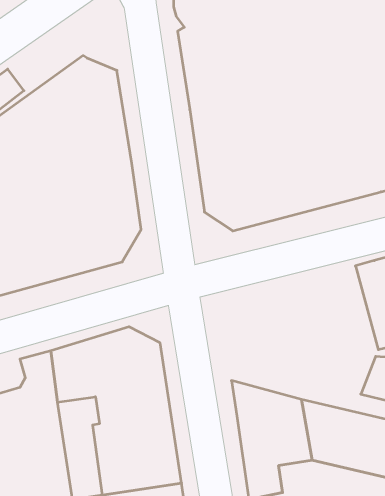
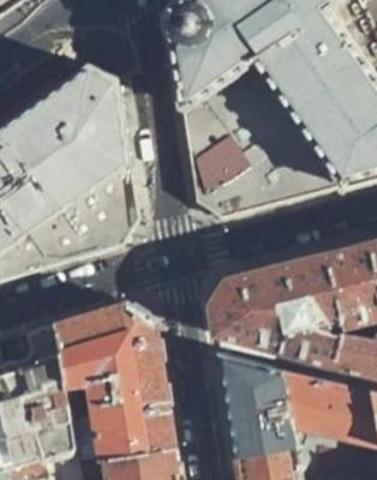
building: none -> [210,251,349,365]

